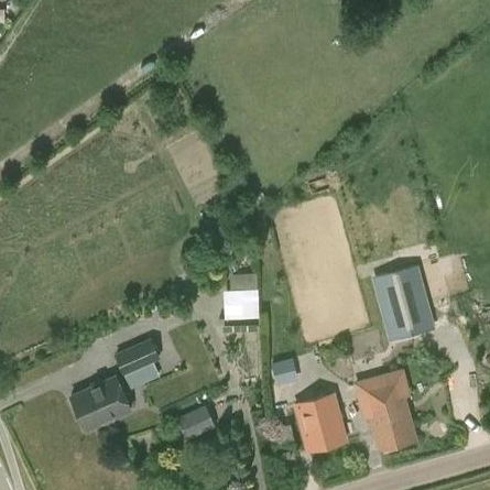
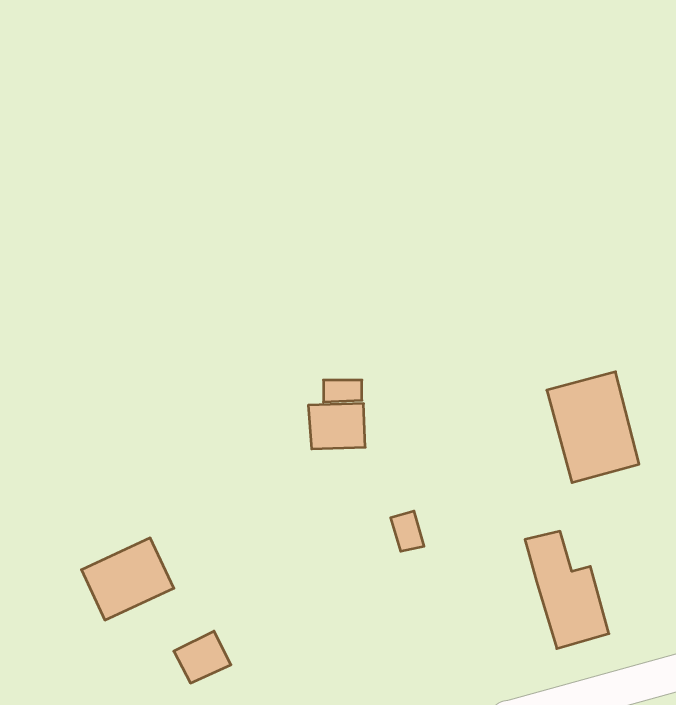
building: [115,338,161,375] -> none
building: [276,393,347,454] -> none
building: [178,405,216,439] -> [174,631,231,683]

